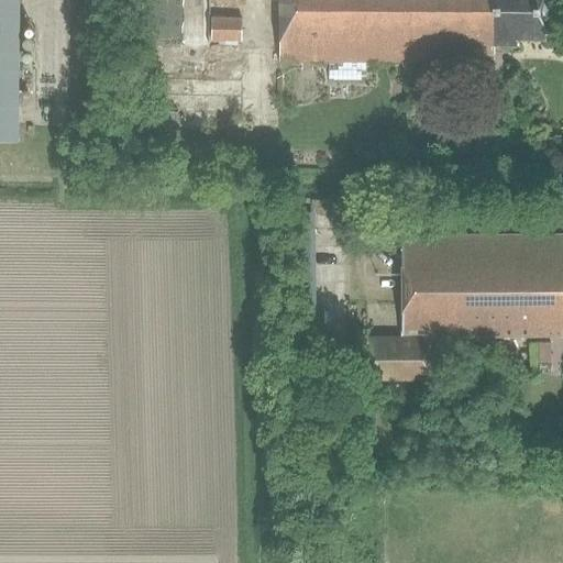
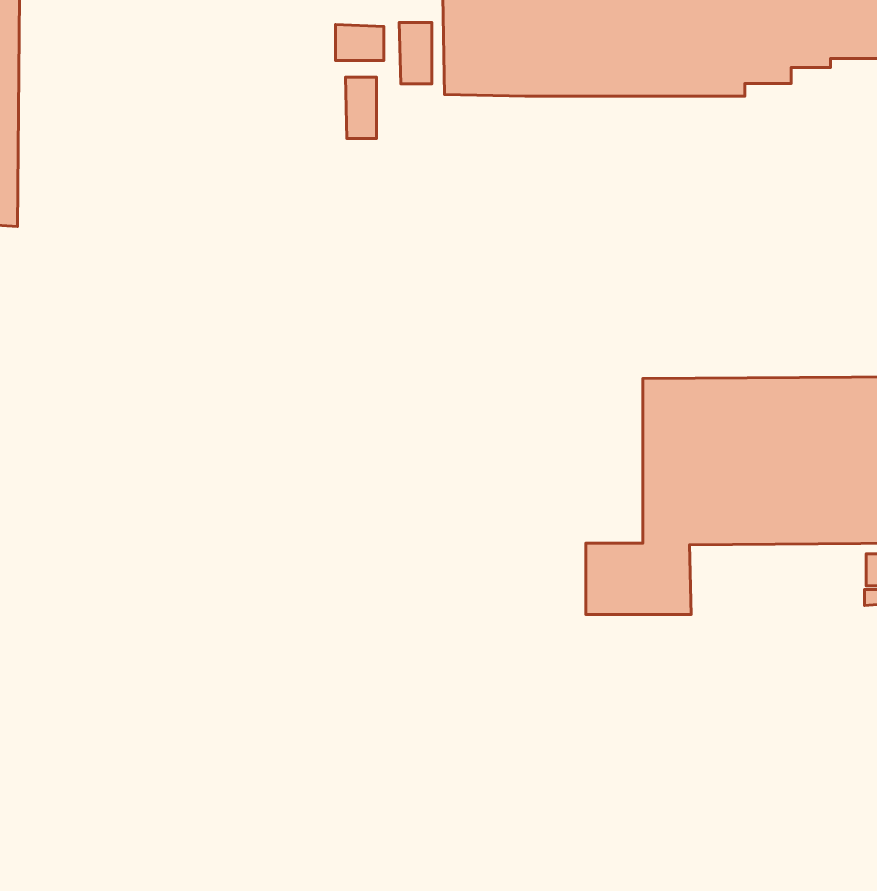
building: none -> [399,22,432,84]
building: none -> [345,77,376,138]

